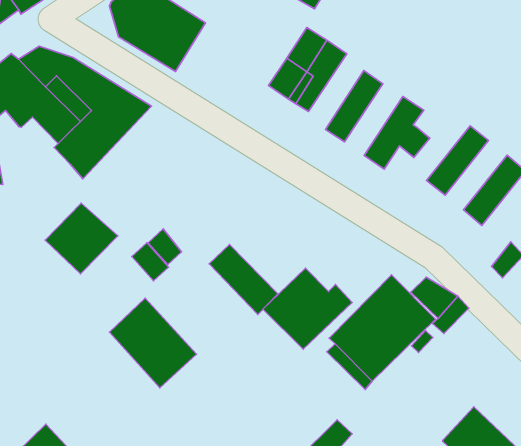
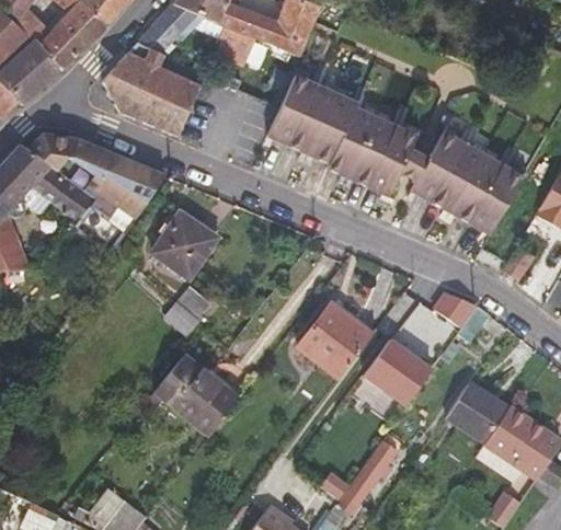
building: none -> [309,93,357,168]
building: none -> [347,116,396,186]
building: none -> [411,131,463,200]
building: none -> [450,153,503,222]
building: [45,203,118,274] -> [151,211,219,278]
building: [209,244,278,314] -> none
building: none -> [445,380,510,442]

